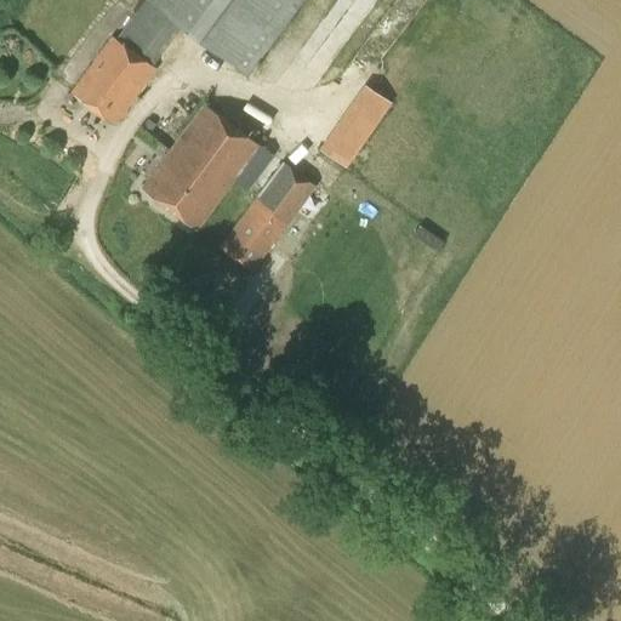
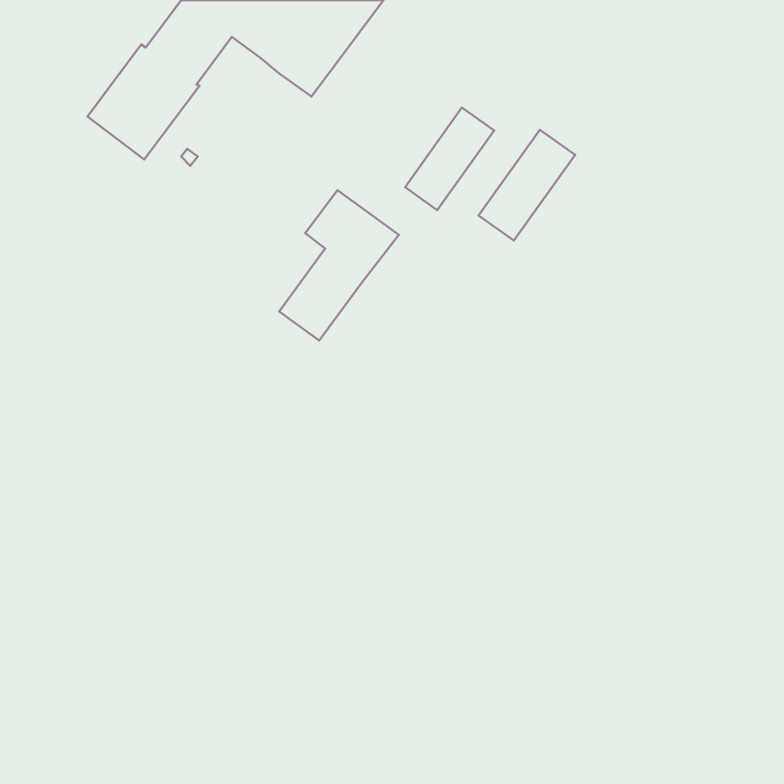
building: none -> [479,130,575,241]
building: [143,104,267,227] -> none

